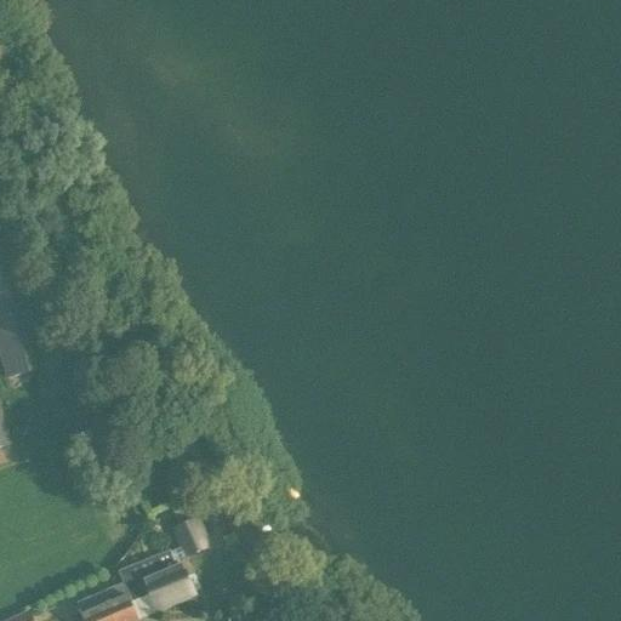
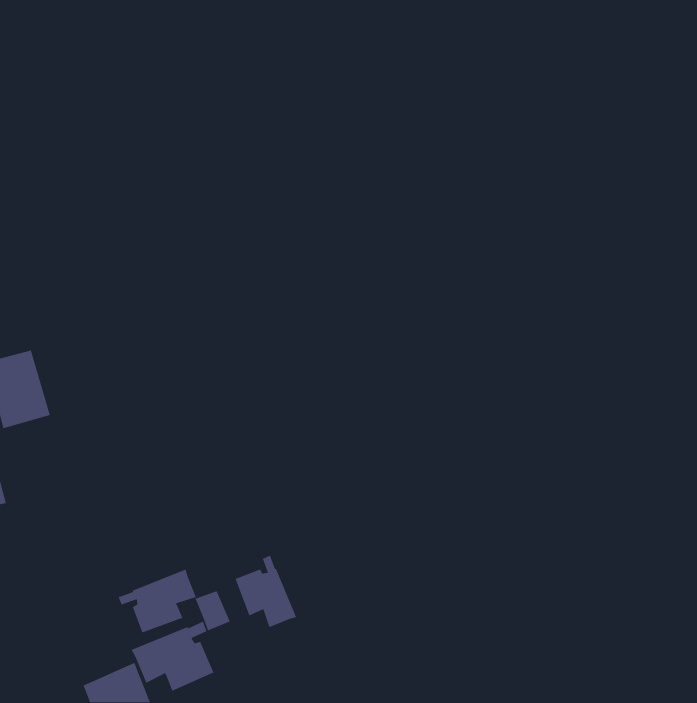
building: none -> [234,555,297,628]
building: none -> [117,568,197,634]

